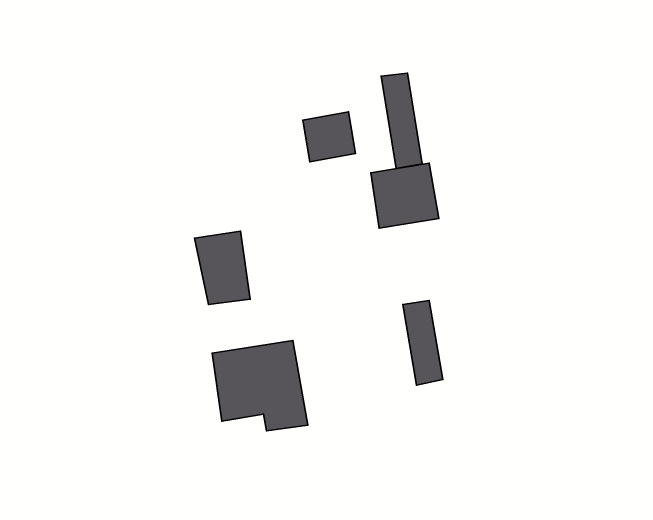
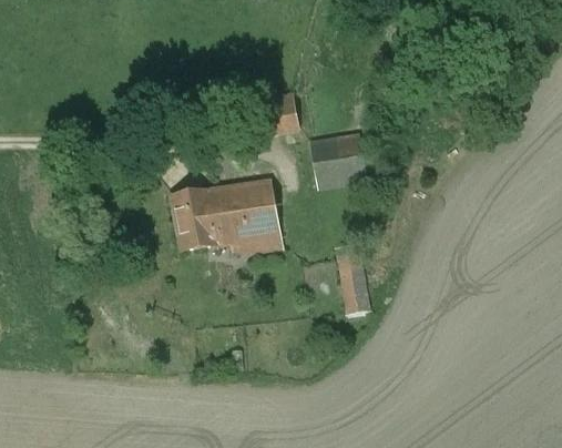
building: [381,73,422,169] -> none
building: [212,341,308,431] -> [206,180,283,252]

